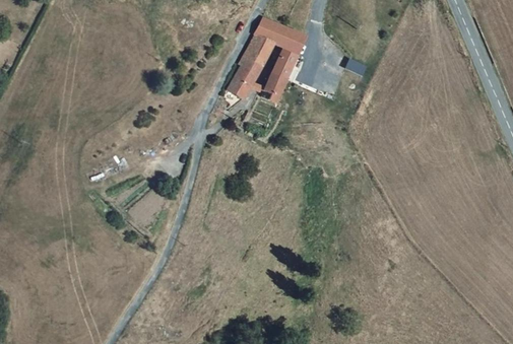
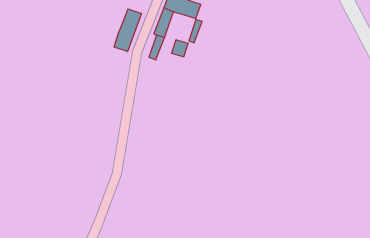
building: none -> [114,9,141,52]
building: [265,45,292,79] -> none

